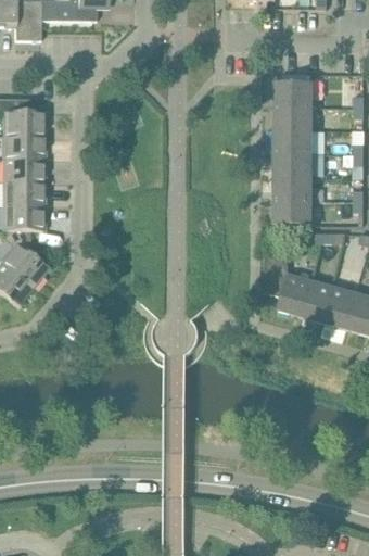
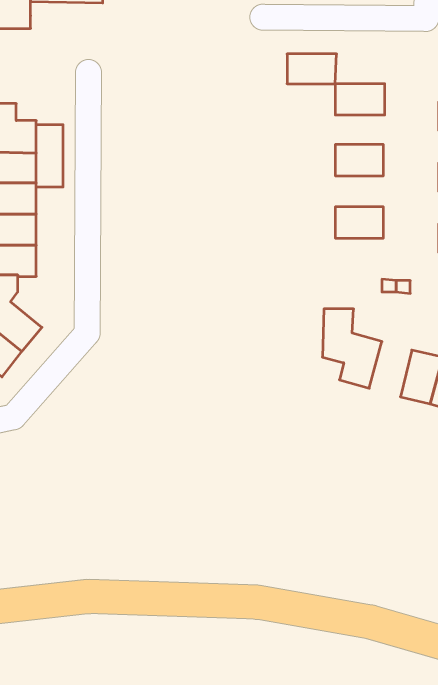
building: [273,105,311,128] -> [287,54,337,84]
building: none -> [36,125,63,187]
building: [273,152,310,176] -> none
building: [273,200,310,224] -> none
building: [300,279,332,321] -> none

